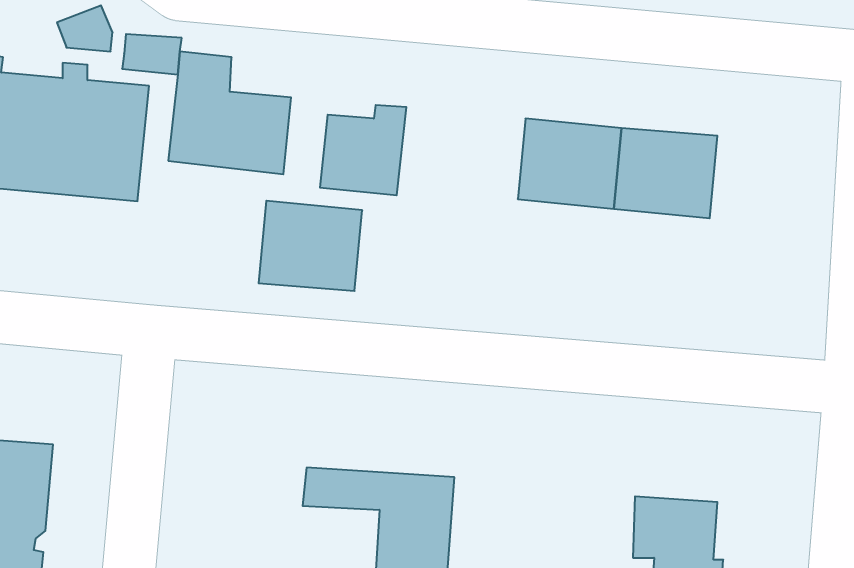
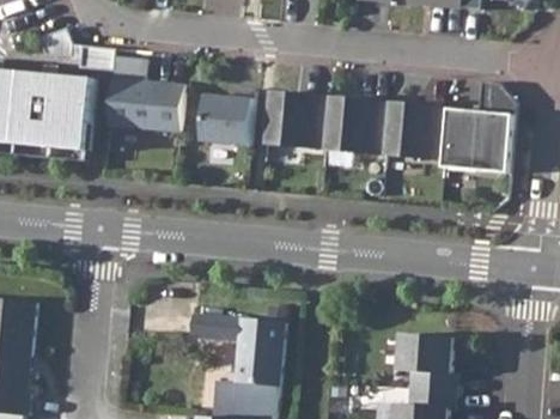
building: none -> [442,81,513,174]
building: [259,201,362,291] -> [263,91,328,147]

